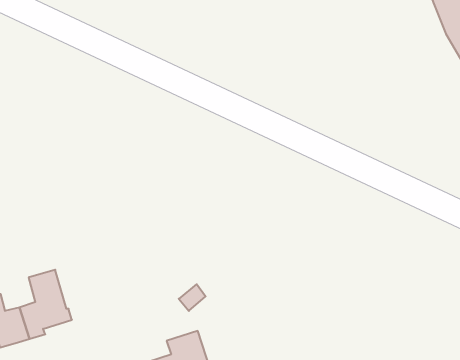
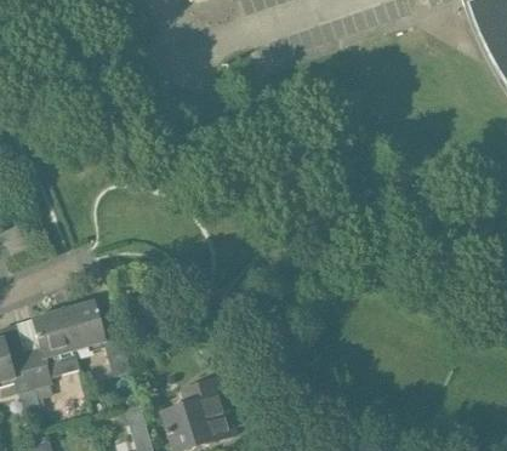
building: none -> [61,302,130,373]

